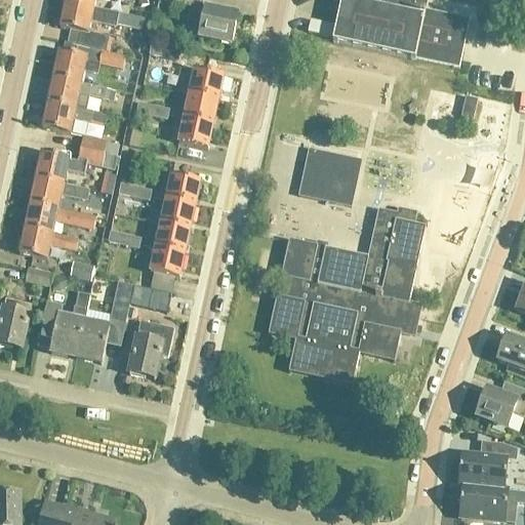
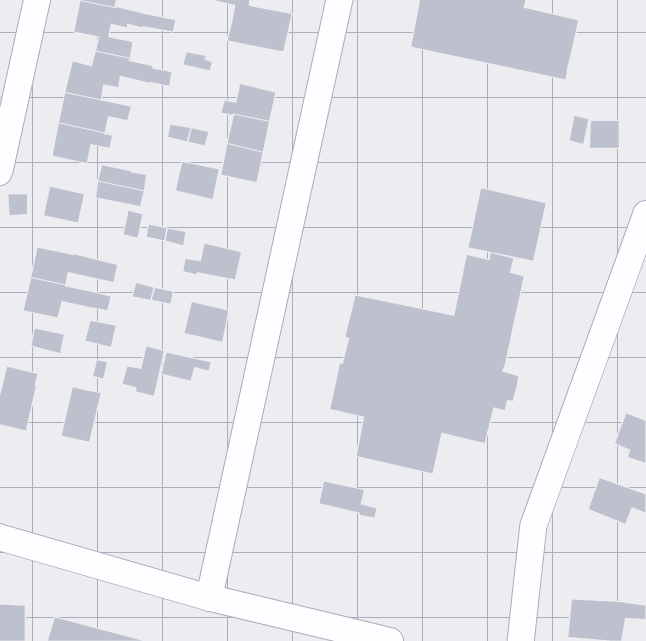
building: [297,146,361,205] -> [468,188,546,261]
building: [165,173,201,204] -> [175,161,219,199]
building: [30,174,89,206] -> none
building: [155,220,191,251] -> none
building: [73,318,109,363] -> none
building: [128,319,173,378] -> none
building: none -> [319,481,377,518]
building: [458,441,517,487] -> none

